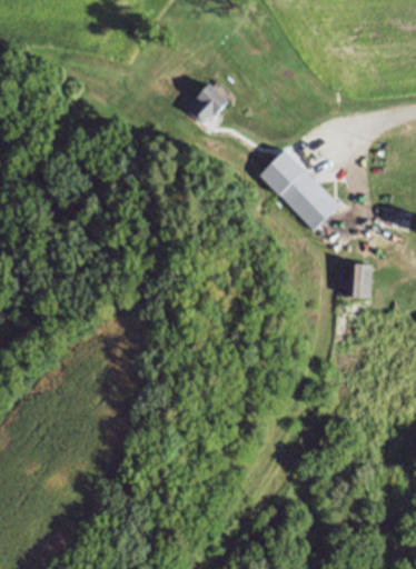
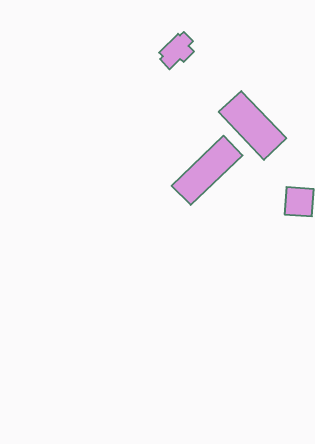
building: none -> [172,136,243,205]

